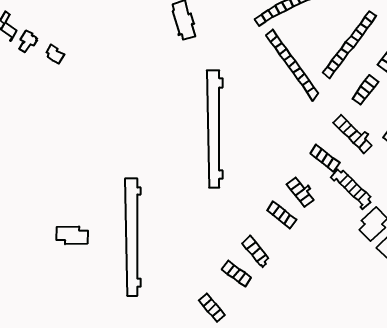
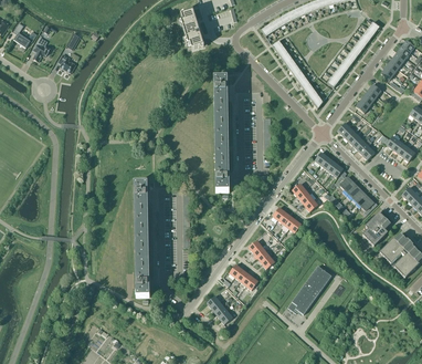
building: [56,226,88,244] -> none
building: none -> [287,266,331,314]

